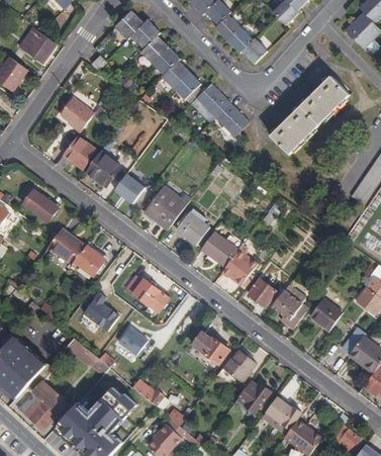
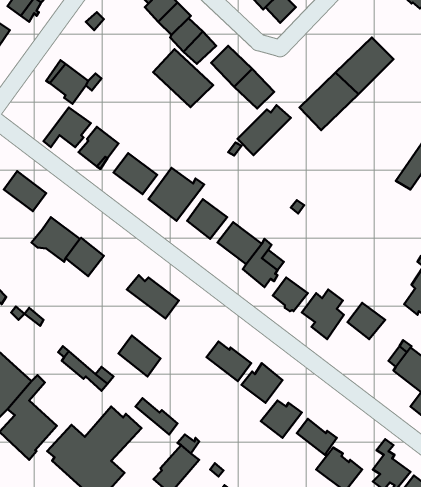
building: none -> [153,49,213,107]
building: none -> [238,105,291,155]
building: [82,291,121,332] -> none

